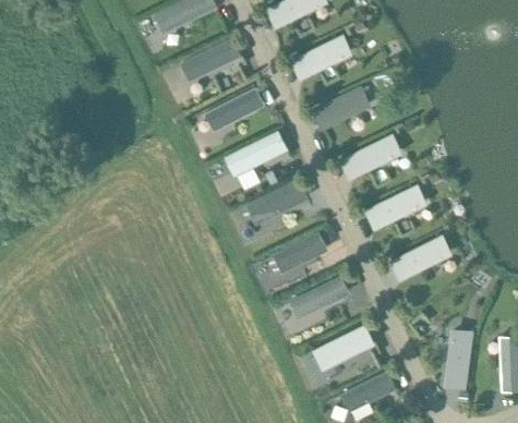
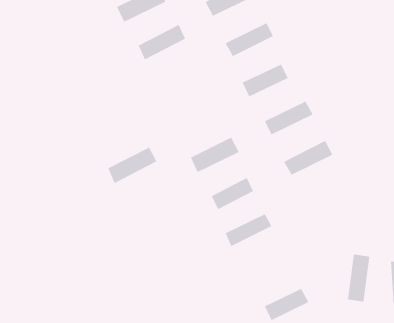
building: [204,87,264,132] -> none
building: [224,131,287,178] -> [107,147,157,184]
building: [389,234,451,279] -> none
building: [312,324,374,370] -> none

